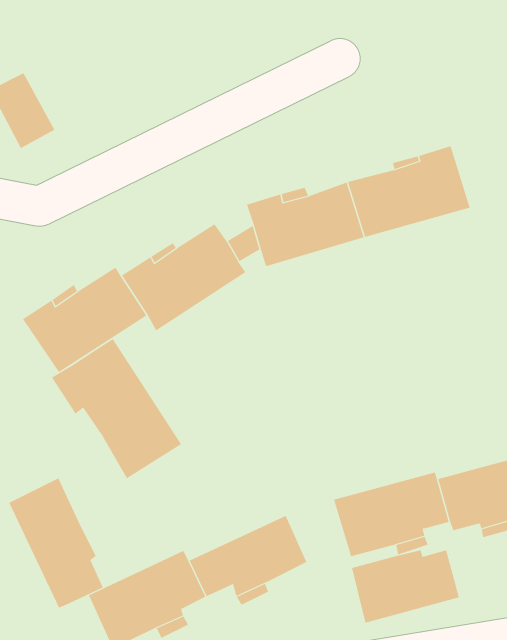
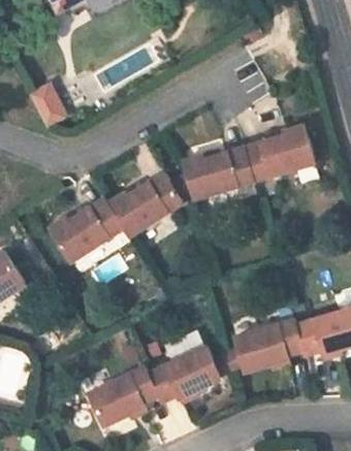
building: [51,338,182,479] -> none
building: [9,478,103,609] -> none
building: [352,549,460,624] -> none

